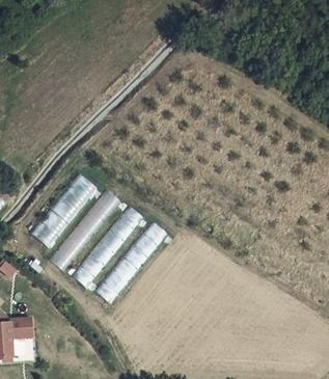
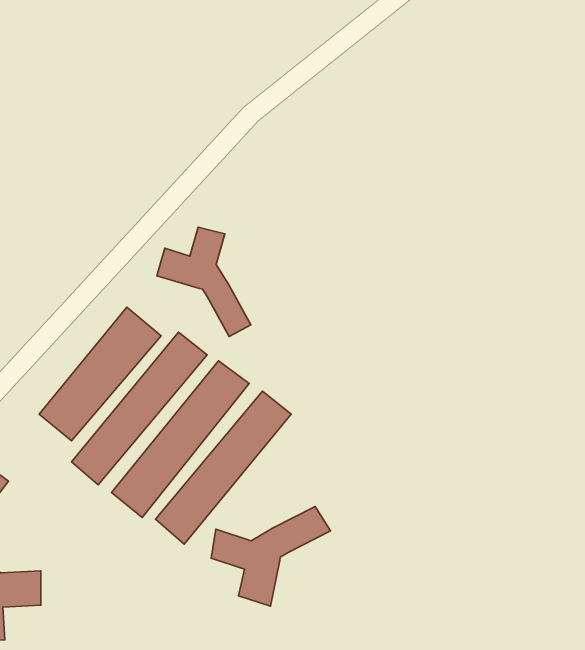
building: none -> [157,227,251,337]
building: none -> [211,507,331,606]

